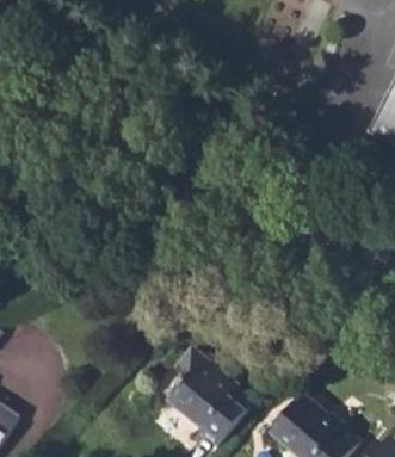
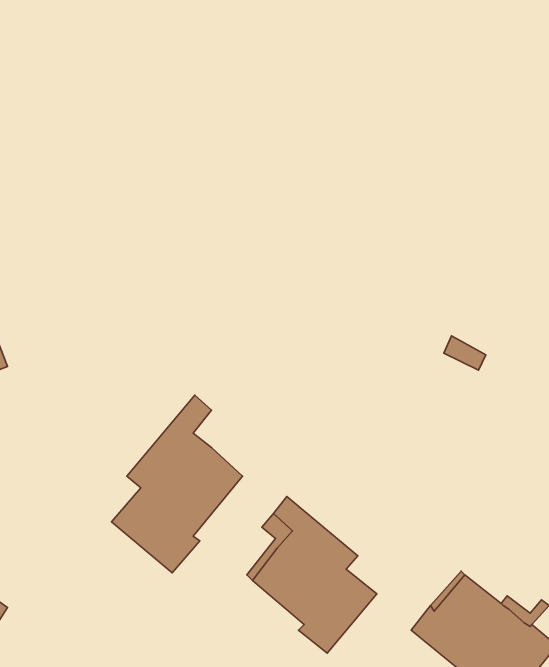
building: none -> [111,395,243,573]

